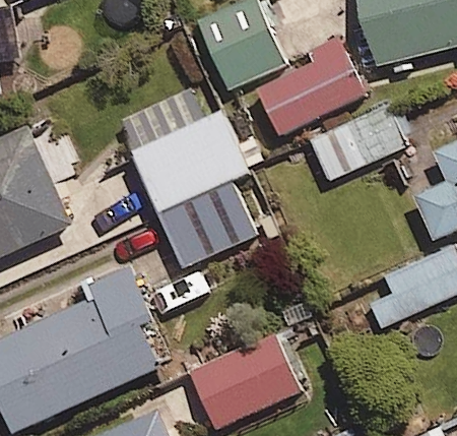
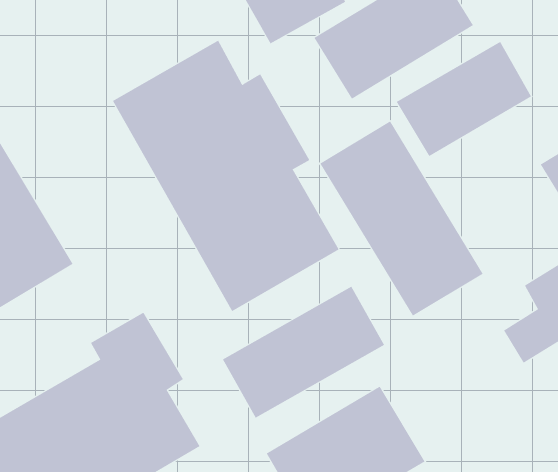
building: none -> [320,121,483,317]
building: none -> [222,286,385,419]

